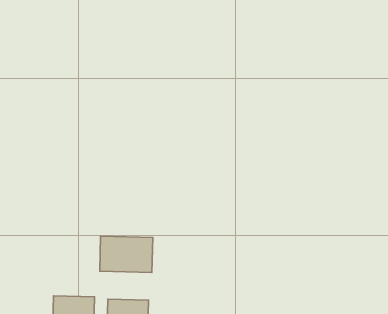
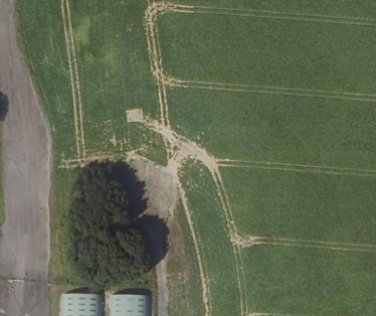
building: [100,236,153,273] -> none

